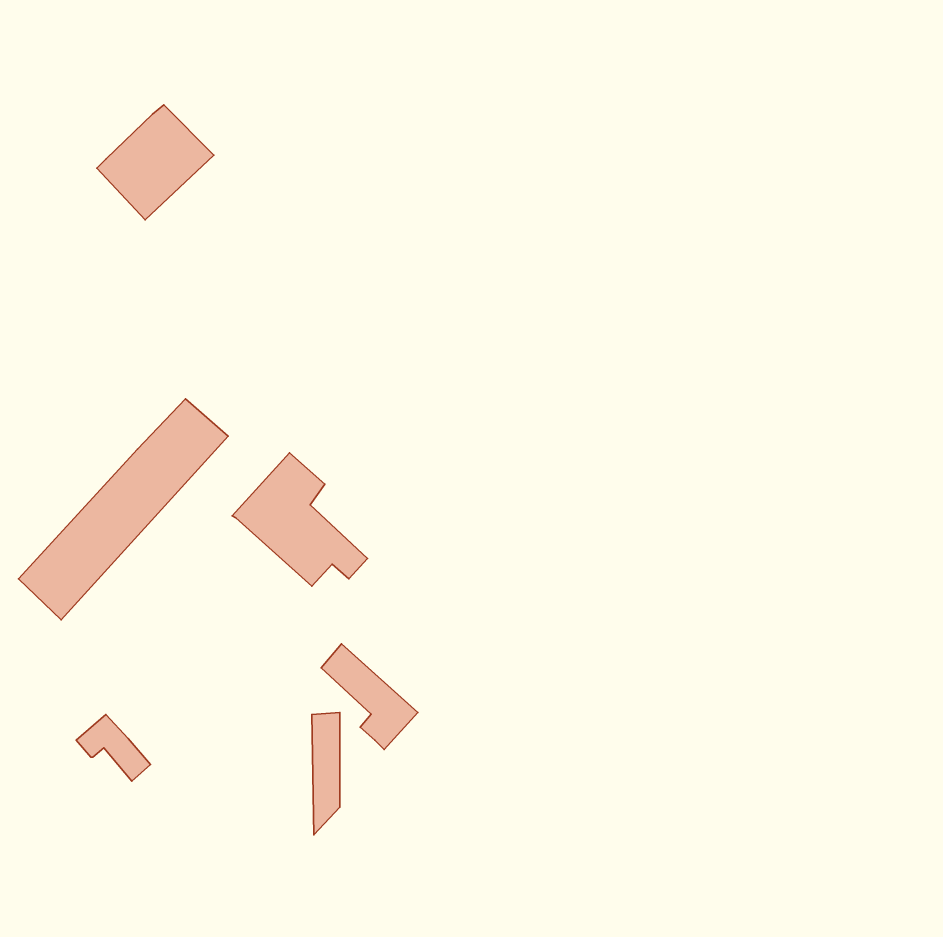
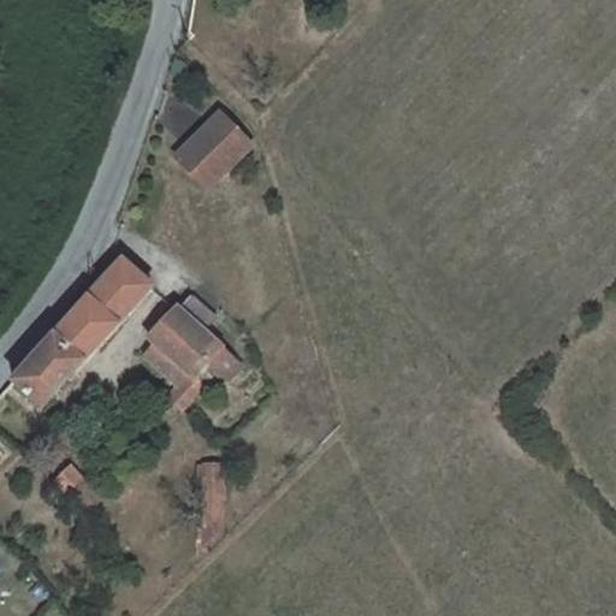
building: [97,105,214,220] -> [174,111,250,185]
building: [321,644,418,749] -> [140,336,202,404]

